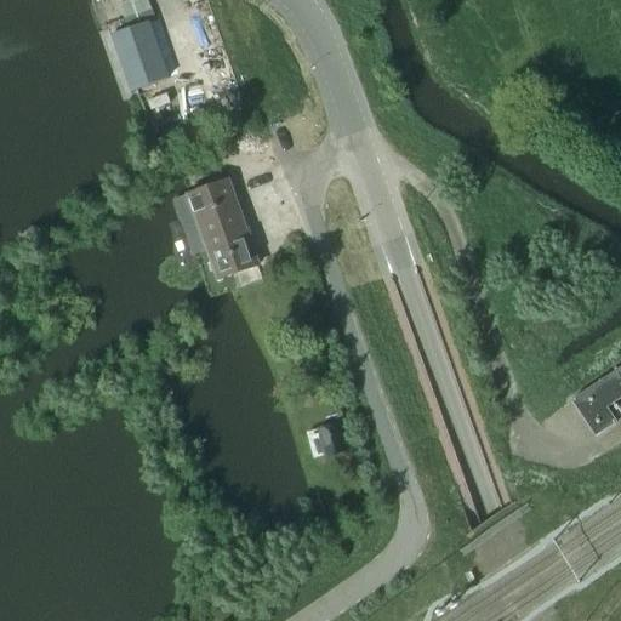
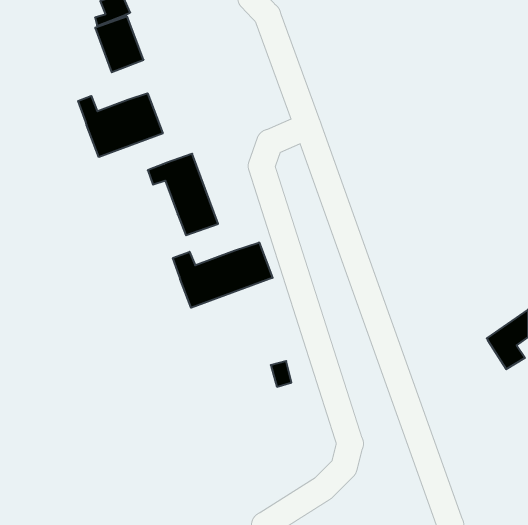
building: none -> [78,93,163,157]
building: none -> [173,242,273,308]

